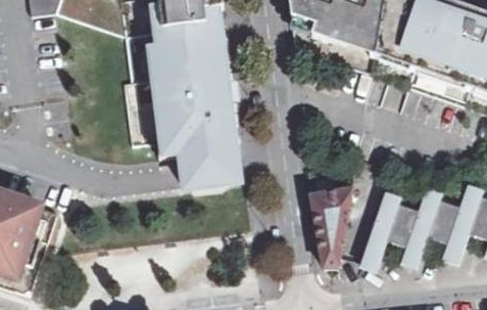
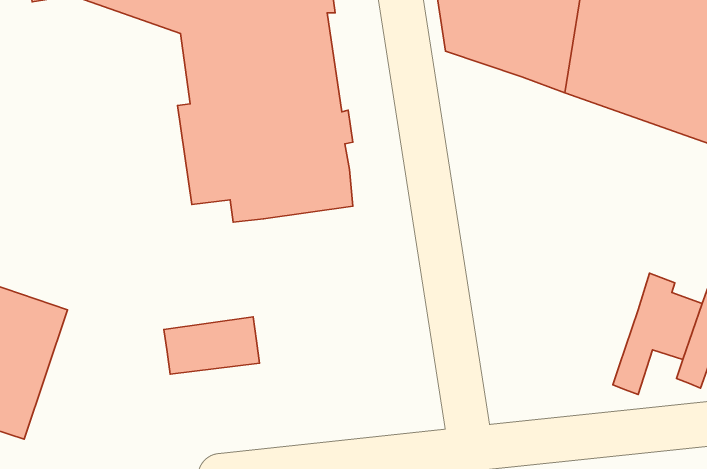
building: [180,141,241,178] -> [164,317,260,374]
building: [312,187,353,263] -> none
building: [362,188,420,266] -> none

